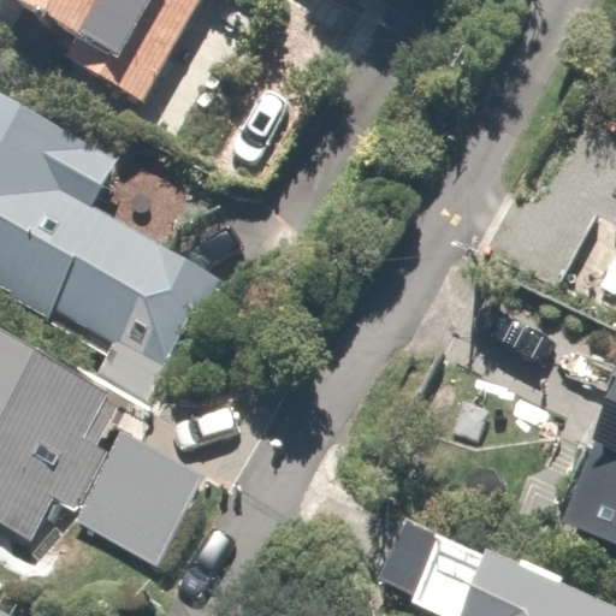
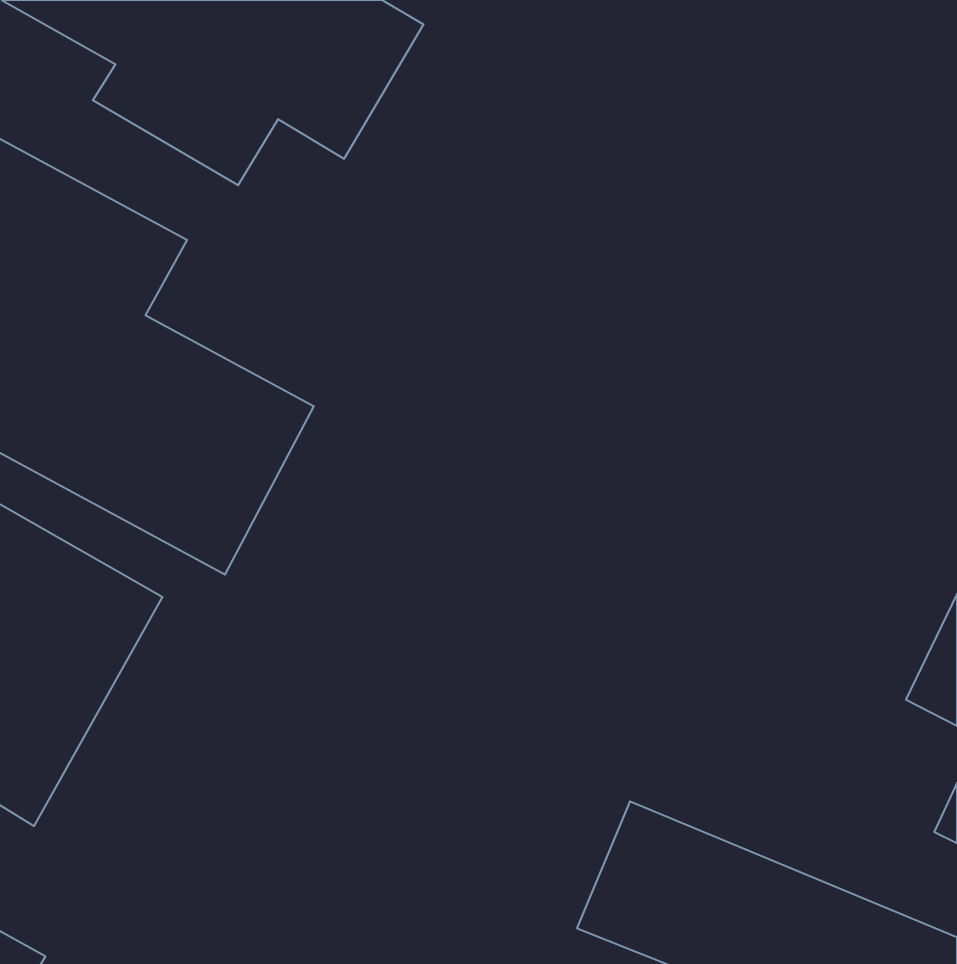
building: [60,428,206,579] -> none

